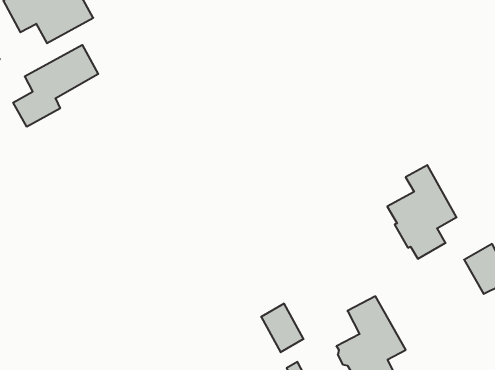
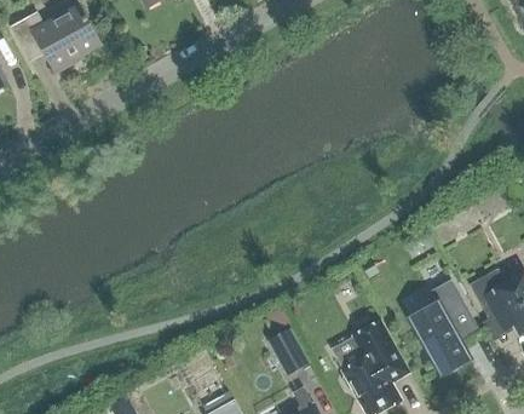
building: [13,45,98,127] -> none
building: [387,165,457,259] -> [410,278,479,372]

